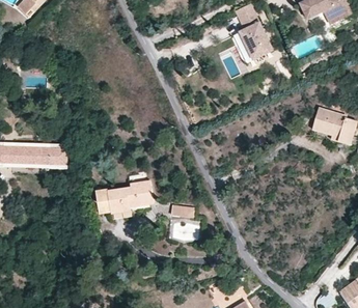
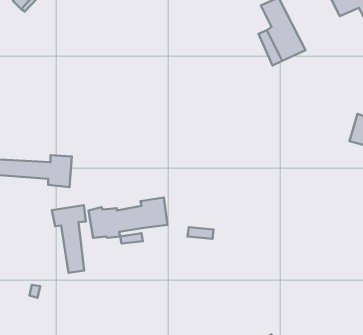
building: none -> [52,205,86,273]

